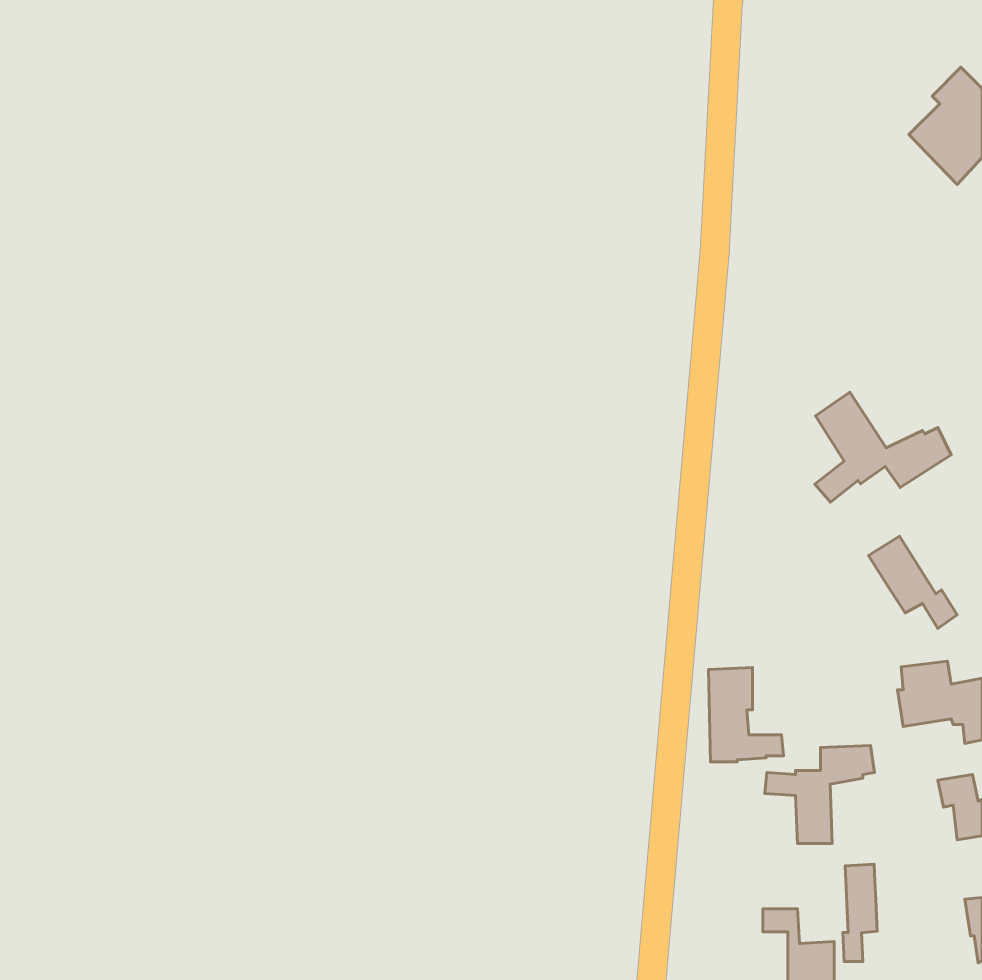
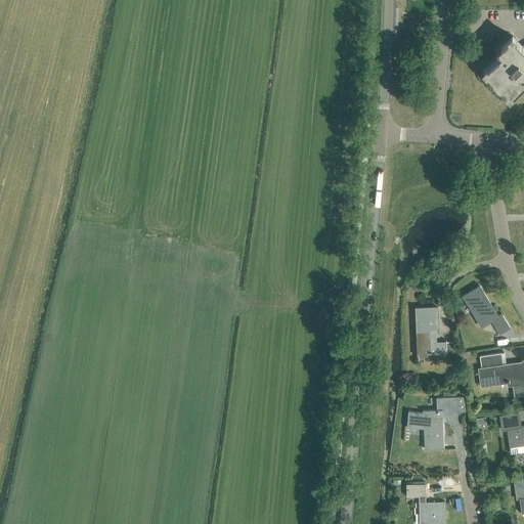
building: [815,392,951,502] -> none
building: [708,668,783,762] -> [416,307,455,357]
building: [843,864,877,962] -> none

